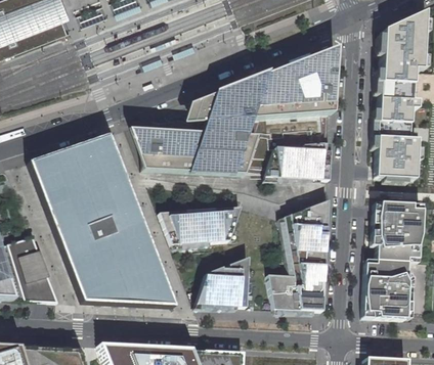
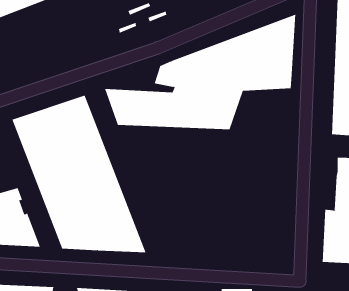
building: [270,133,331,175] -> none
building: [269,200,330,311] -> none
building: [161,206,243,243] -> none
building: [197,256,250,306] -> none

